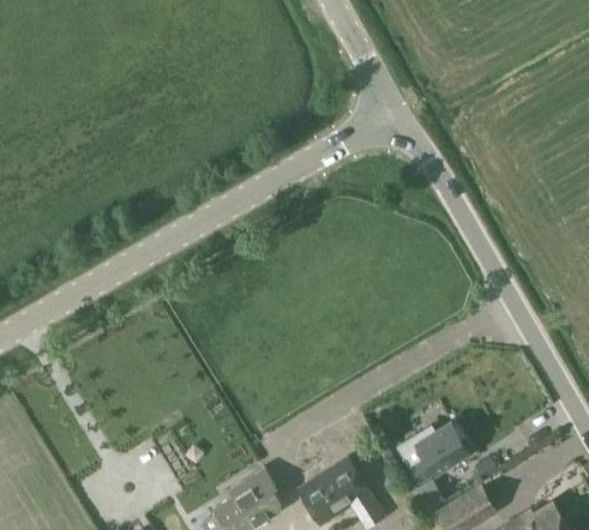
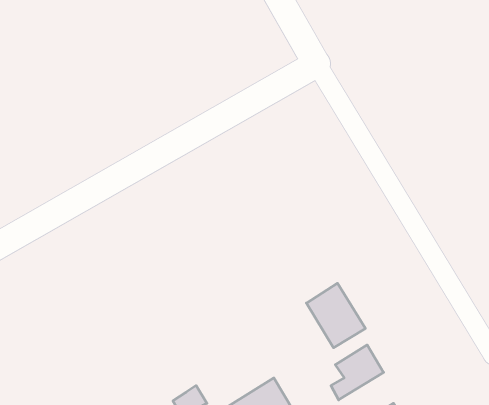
building: none -> [306,283,365,348]

